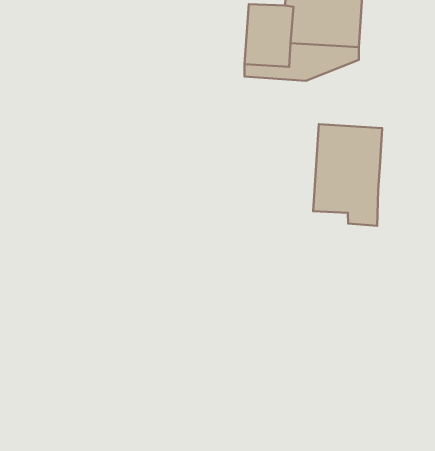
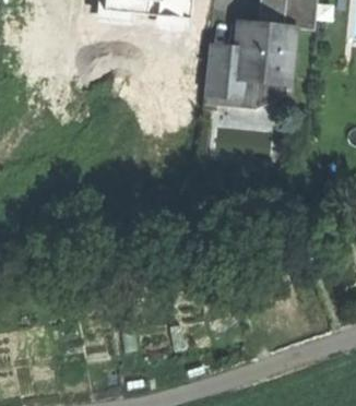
building: [313,124,382,226] -> none

